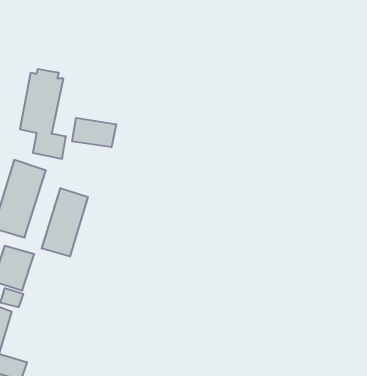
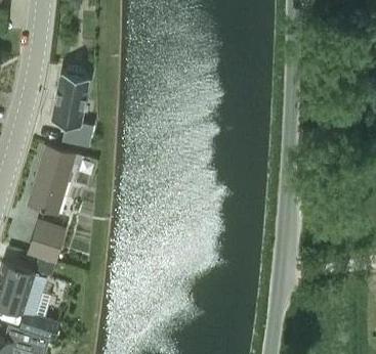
building: [72,118,116,147] -> none
building: [42,188,88,257] -> none

